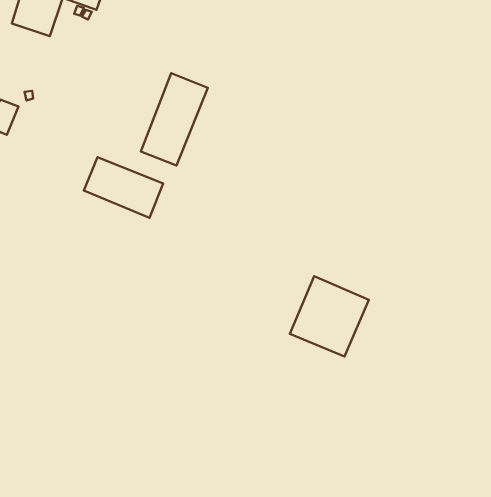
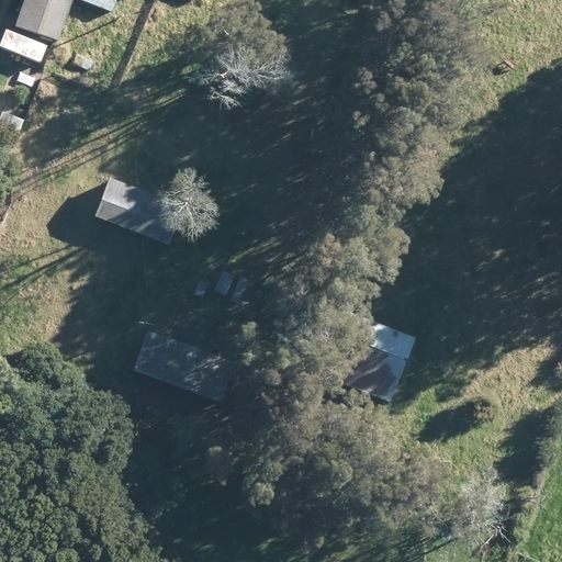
building: [141,73,208,165] -> none
building: none -> [133,330,233,401]

